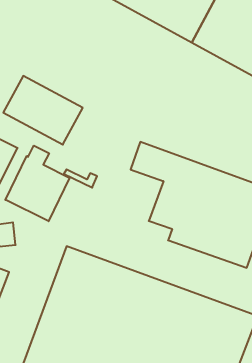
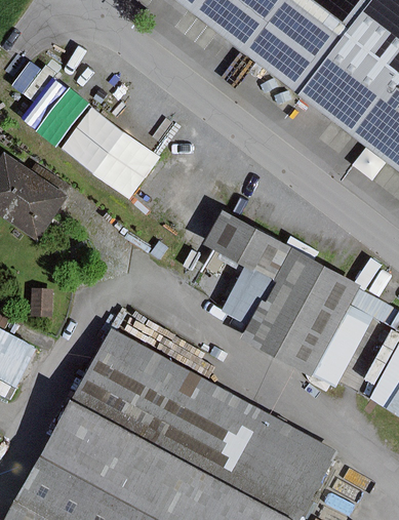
building: [5,146,70,221] -> none

